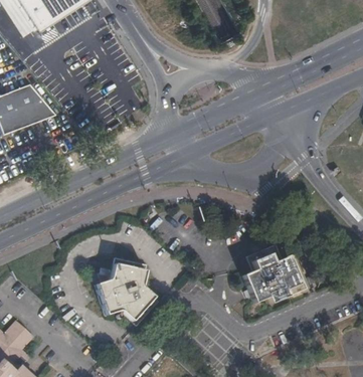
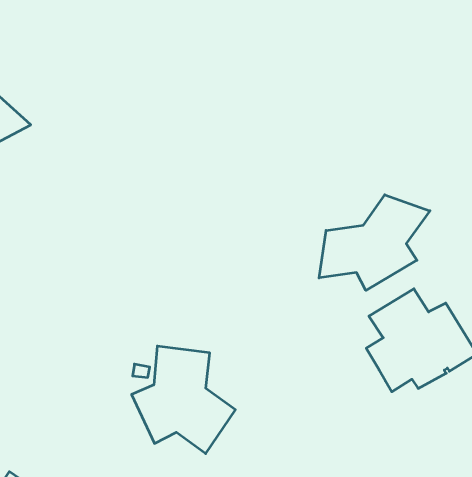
building: none -> [319,195,430,290]

